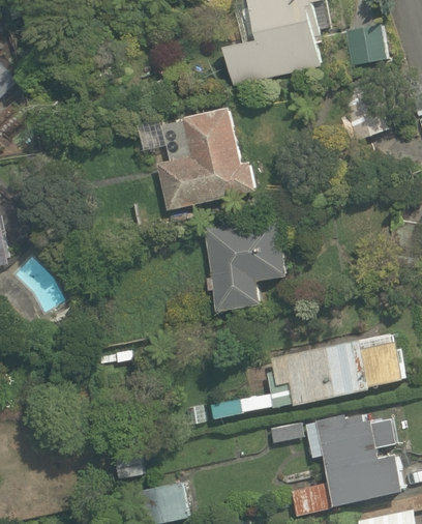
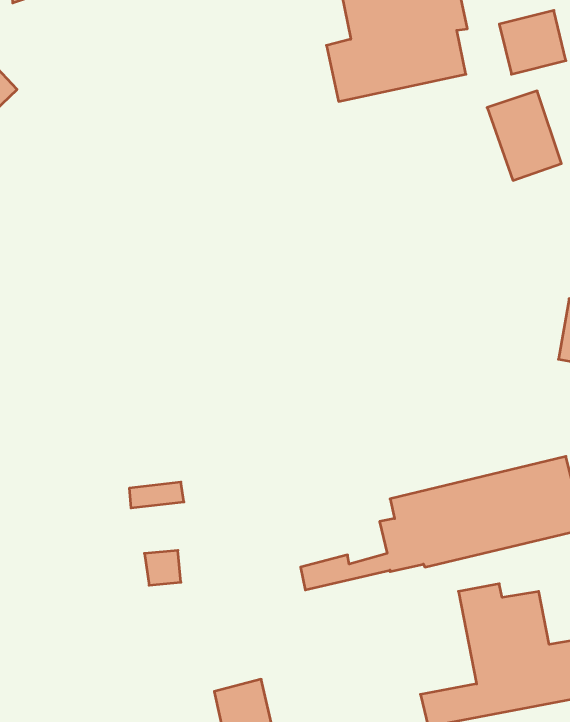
building: [156,108,255,210] -> none
building: [205,215,288,311] -> none

